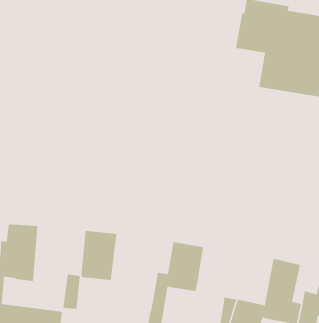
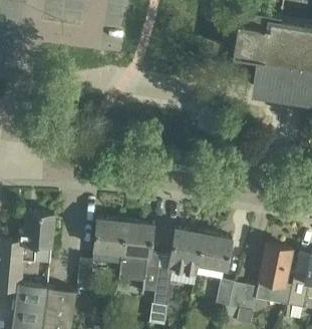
building: none -> [119,223,162,294]
building: none -> [199,235,232,270]

